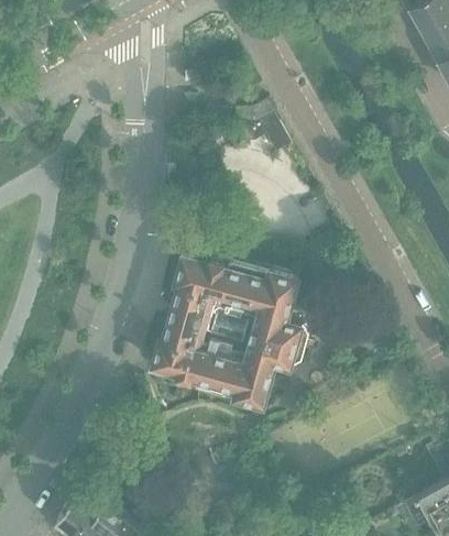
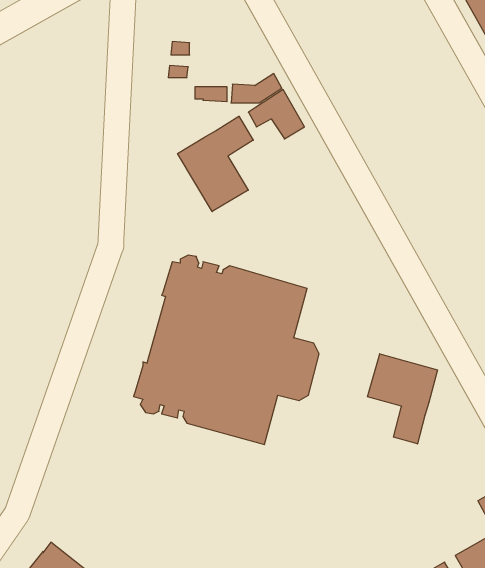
building: none -> [178,116,253,212]
building: none -> [368,354,438,444]

